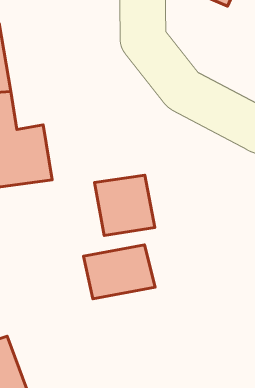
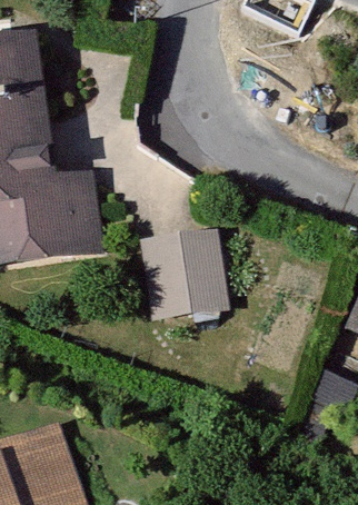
building: [83,245,155,299] -> none

